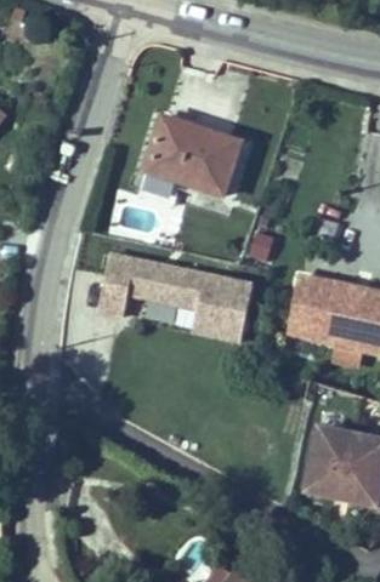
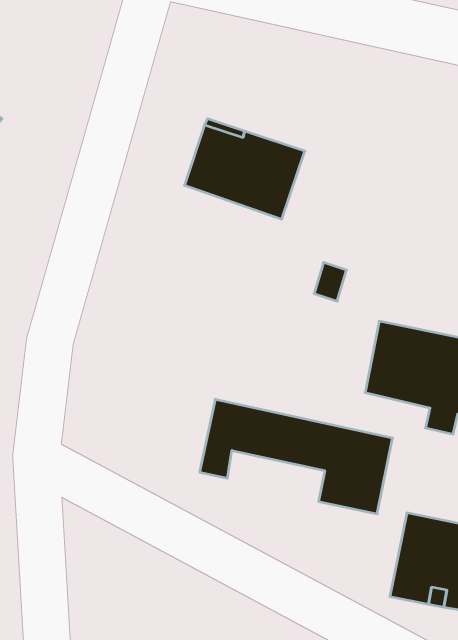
building: [100,251,251,341] -> [200,399,393,514]

